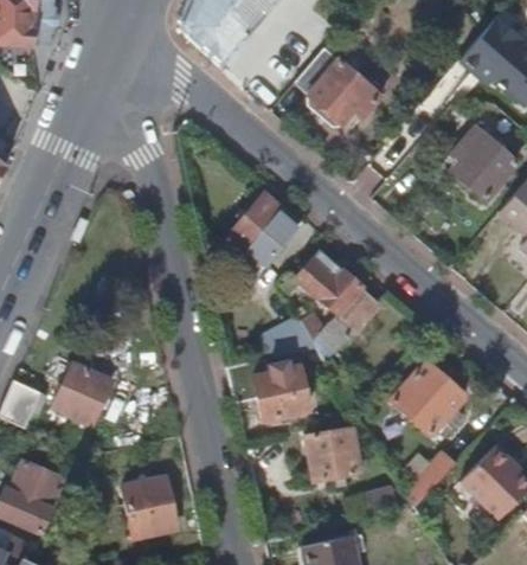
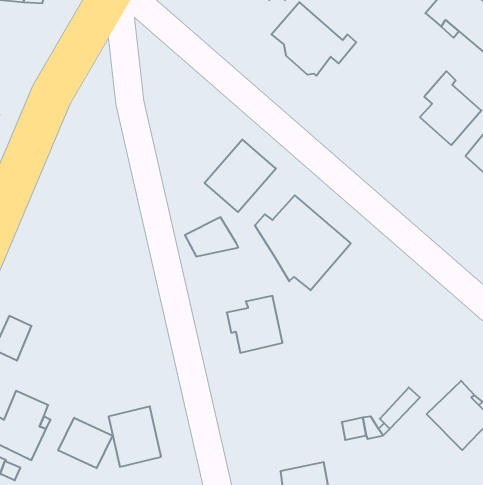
building: [259,315,316,357] -> [185,217,238,256]
building: [52,360,114,424] -> none
building: [391,361,464,436] -> none
building: [304,426,359,481] -> none
building: none -> [58,418,112,468]

